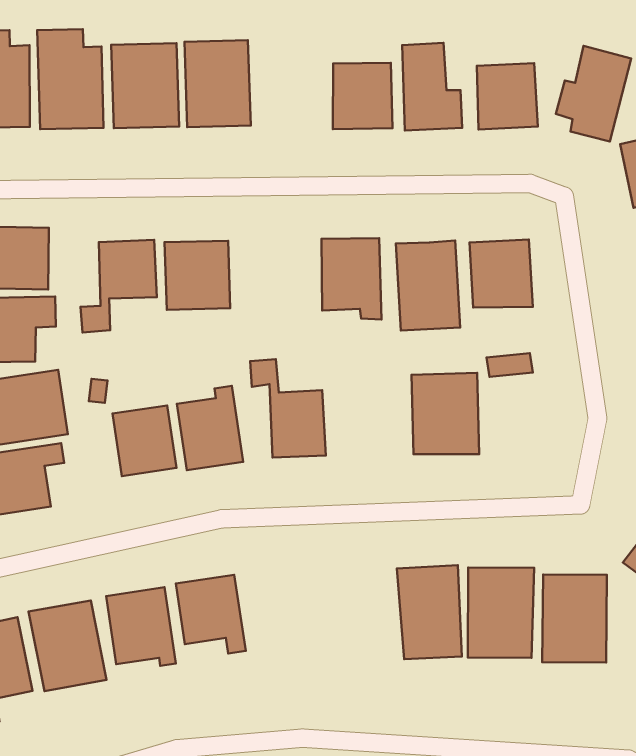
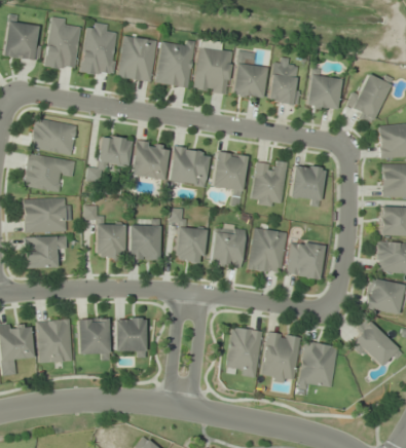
building: none -> [192,41,232,95]
building: none -> [169,147,209,186]
building: none -> [210,224,246,268]
building: none -> [286,240,324,281]

